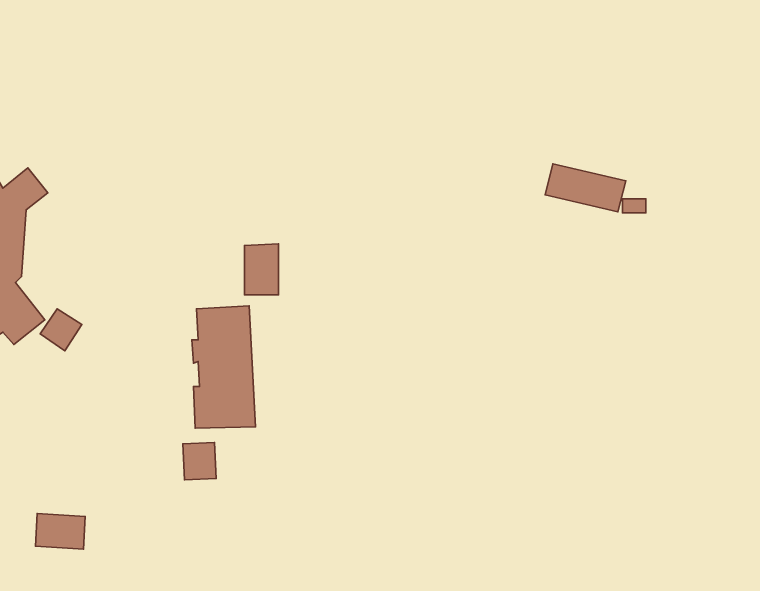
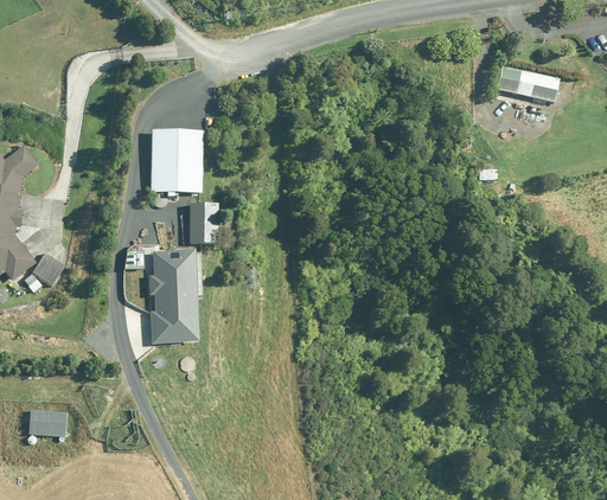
building: none -> [149,129,202,193]
building: [545,164,626,212] -> [497,65,558,102]
building: [183,443,216,480] -> none

